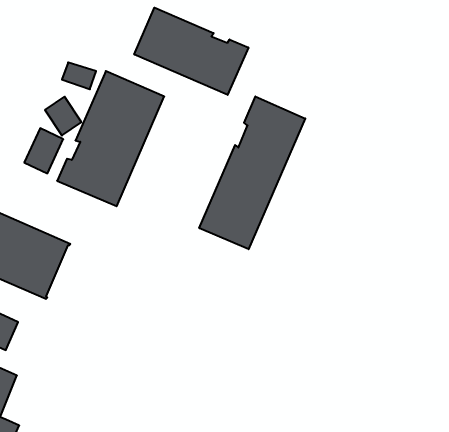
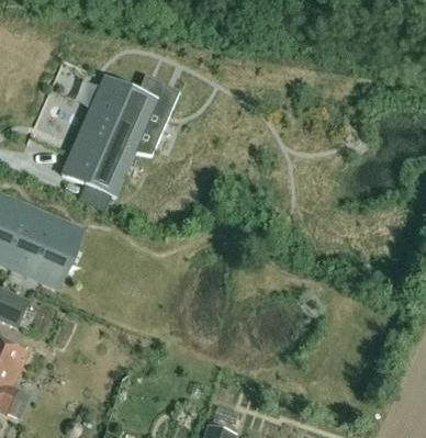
building: [134,8,248,95] -> none
building: [199,96,305,249] -> none

